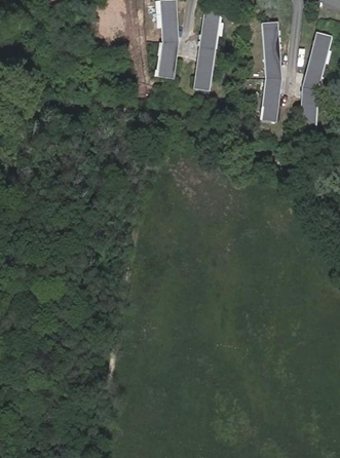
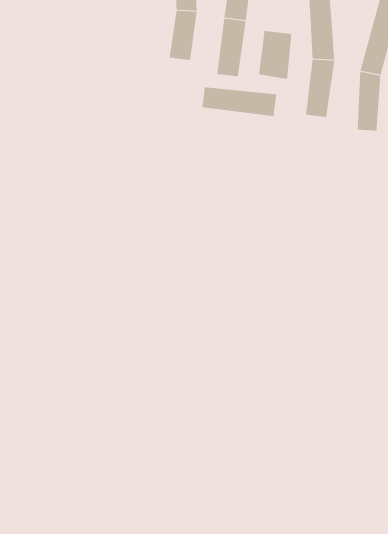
building: none -> [259,30,292,80]
building: none -> [202,86,277,117]

